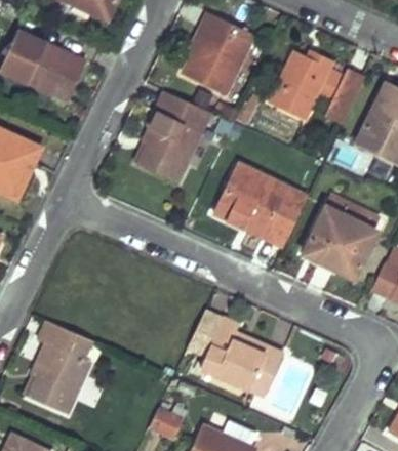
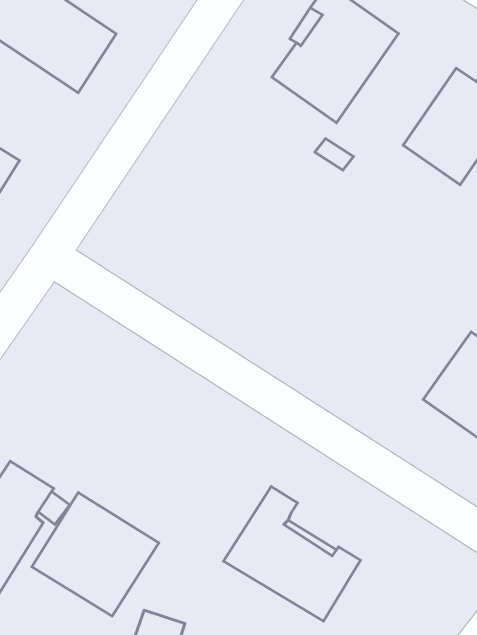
building: [137,90,211,181] -> none
building: [214,163,308,246] -> none
building: none -> [32,492,159,616]

